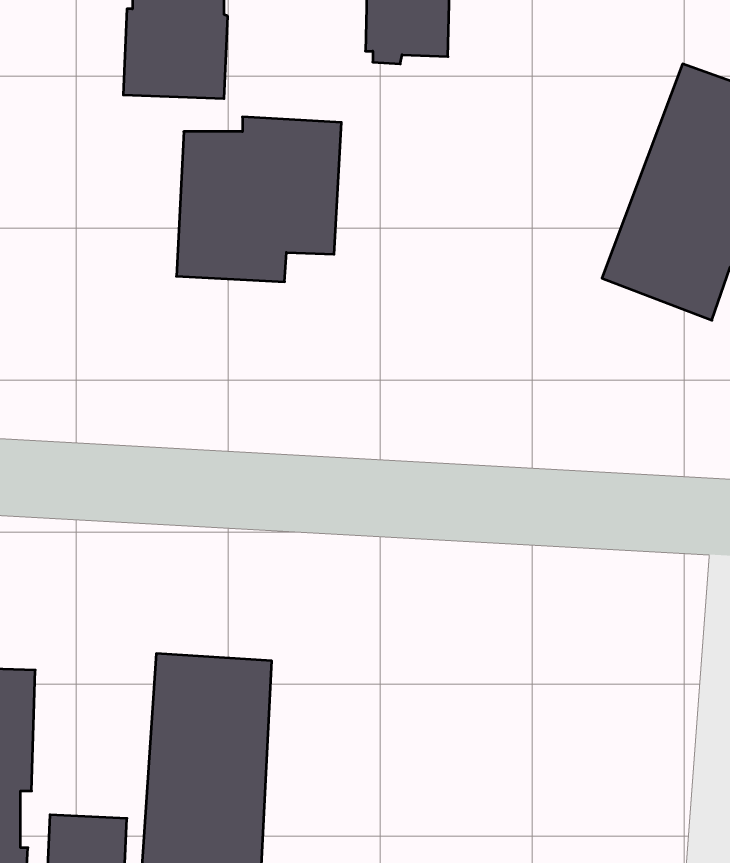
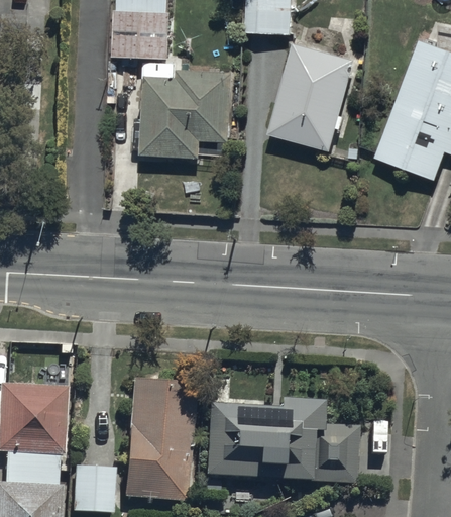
building: none -> [269,50,358,160]
building: none -> [206,392,356,477]

